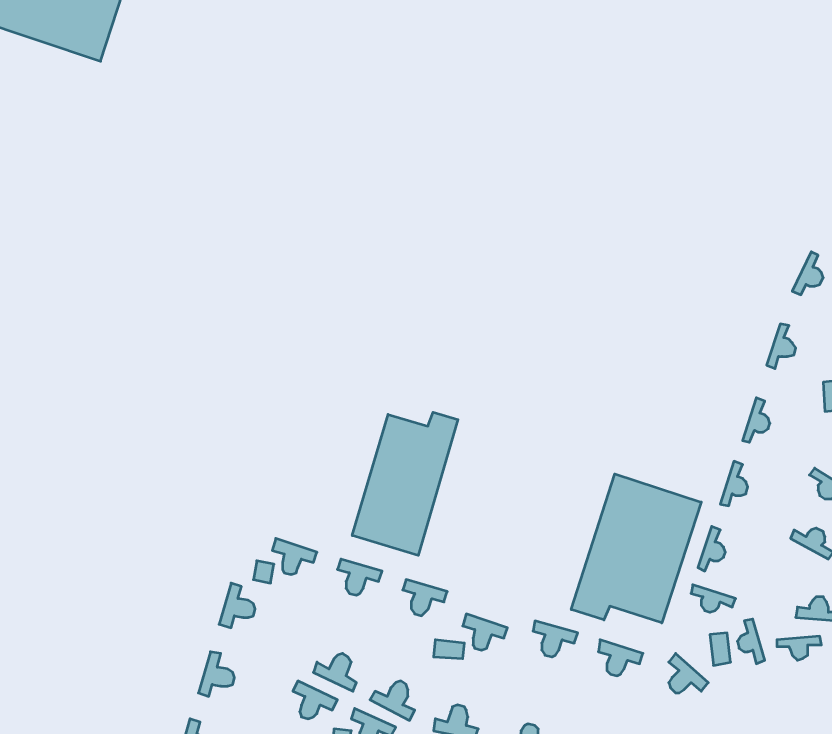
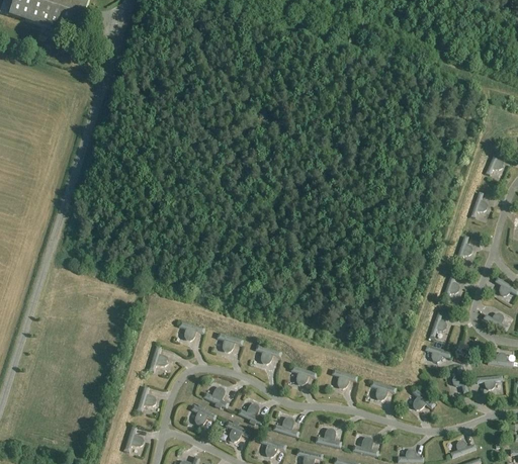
building: [352,412,458,555] -> none
building: [571,474,701,623] -> none

